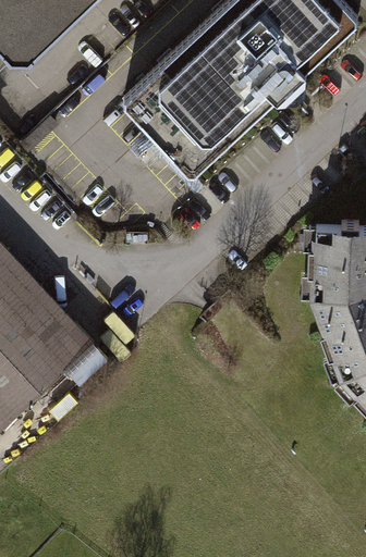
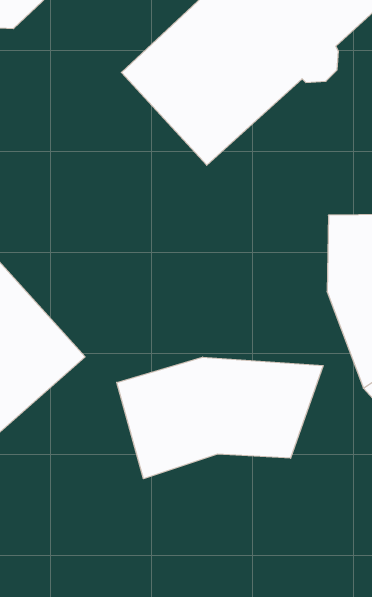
building: none -> [117,357,323,479]

